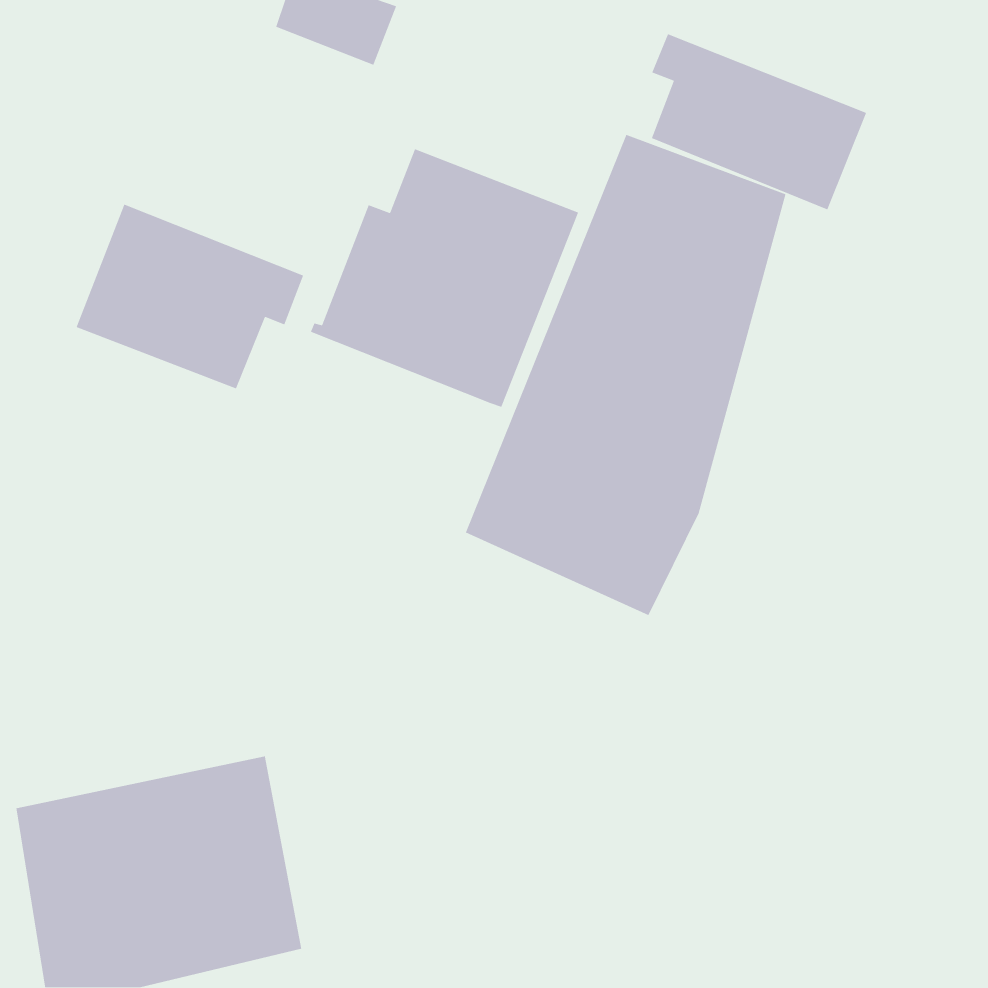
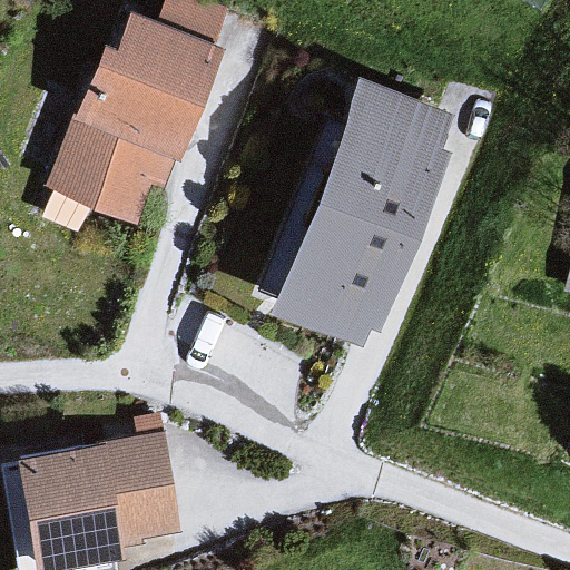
building: [651,33,867,210] -> none
building: [310,148,579,408] -> [72,11,227,160]

